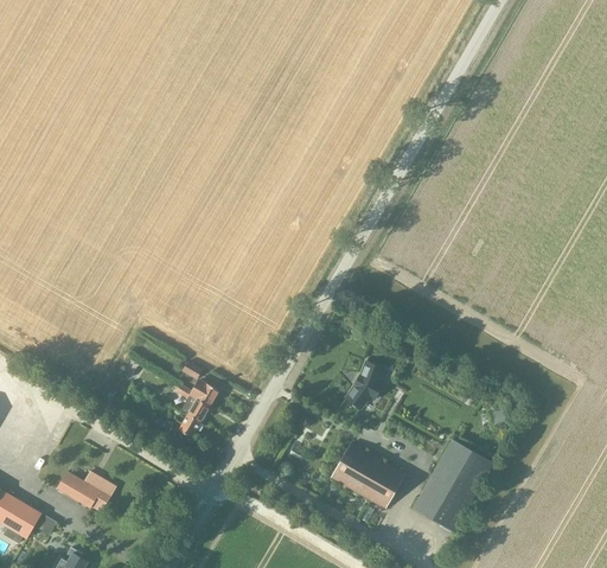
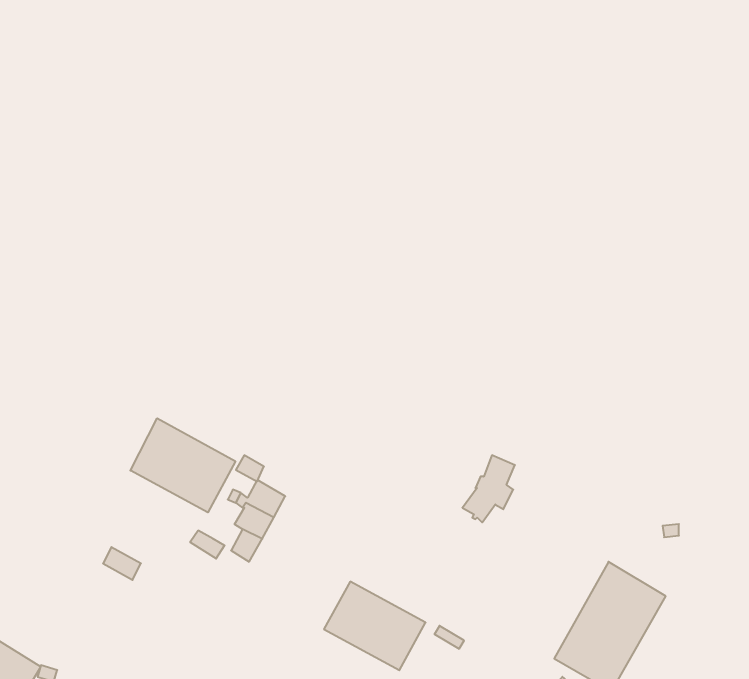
building: none -> [130,418,235,512]
building: [331,443,404,508] -> [324,582,426,670]
building: [56,471,115,512] -> none

